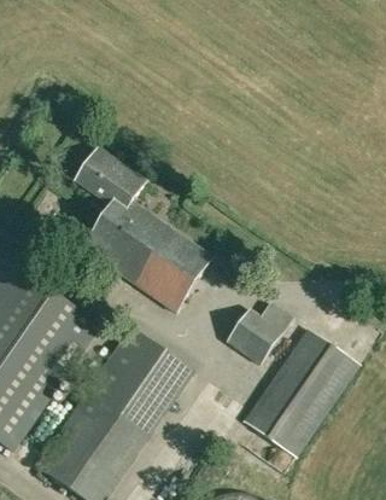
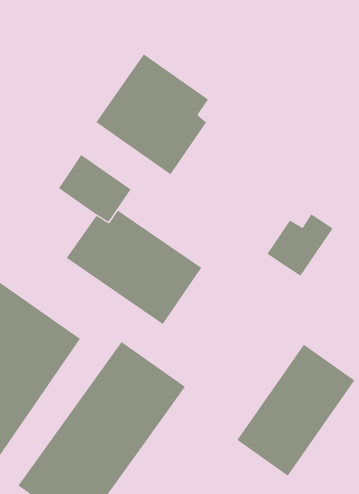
building: none -> [95,53,209,175]
building: [228,302,292,362] -> [267,213,334,277]

